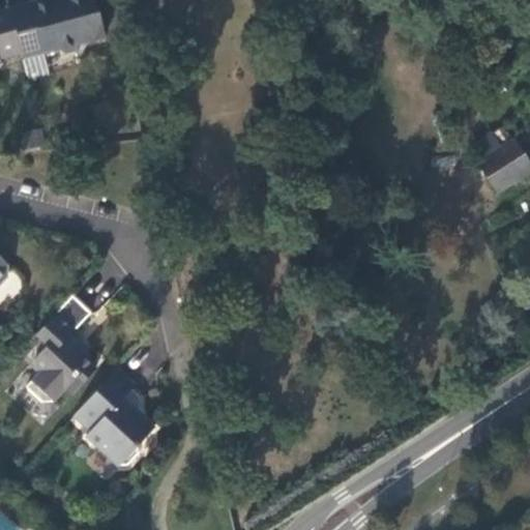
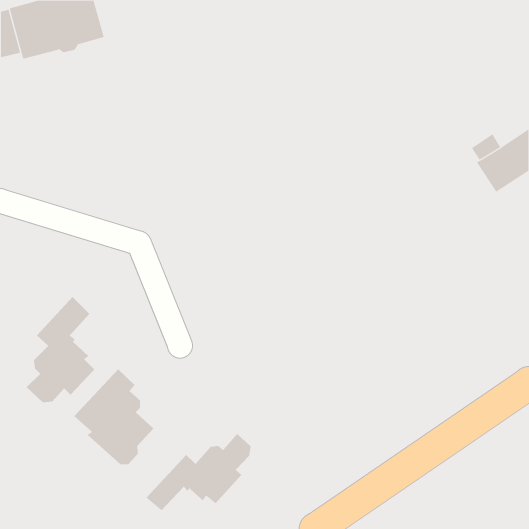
building: none -> [145,433,251,511]

